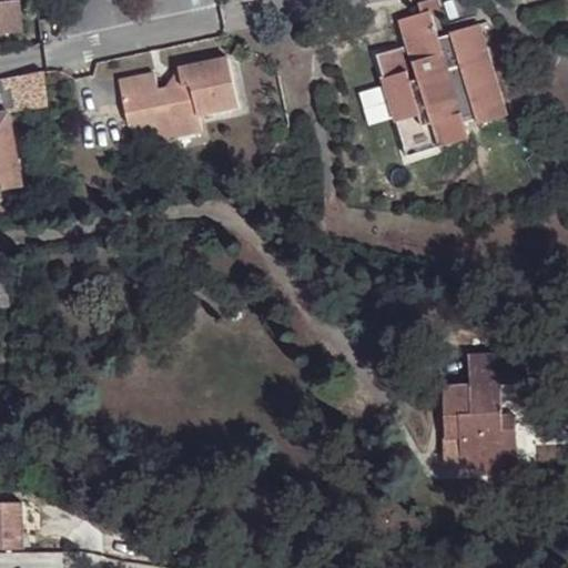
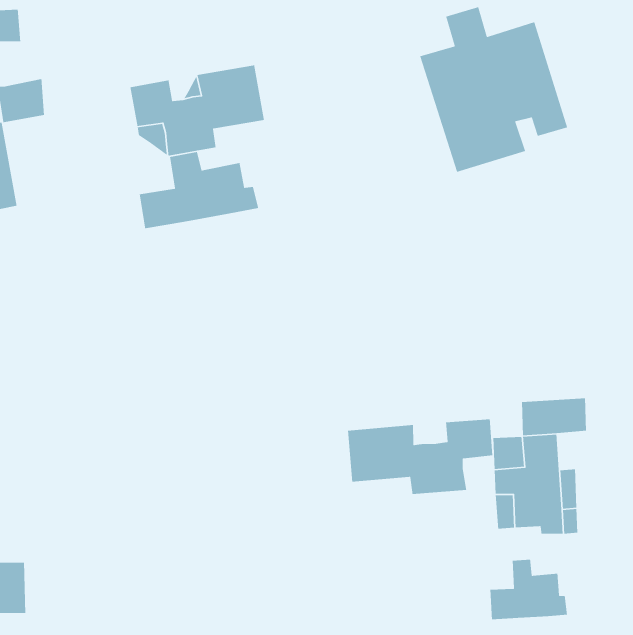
building: none -> [139,151,259,229]
building: none -> [347,418,493,495]
building: none -> [489,559,568,620]

